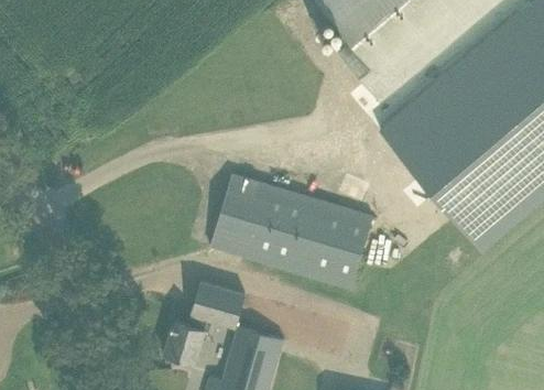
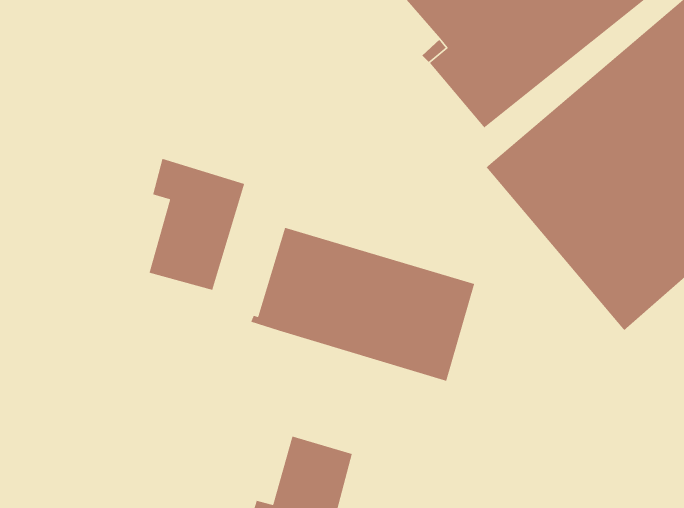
building: none -> [148,158,245,291]
building: [164,280,247,364] -> none

